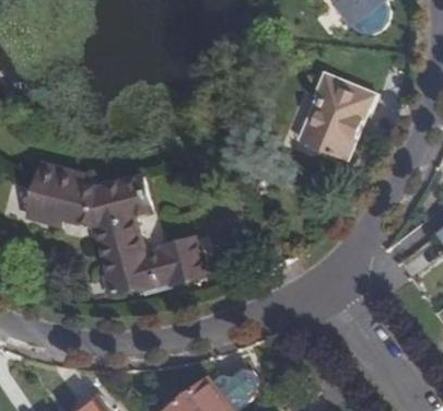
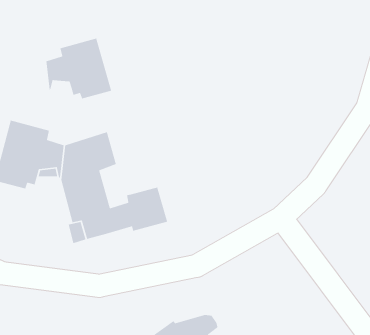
building: [303,68,378,156] -> none
building: none -> [46,38,112,99]

